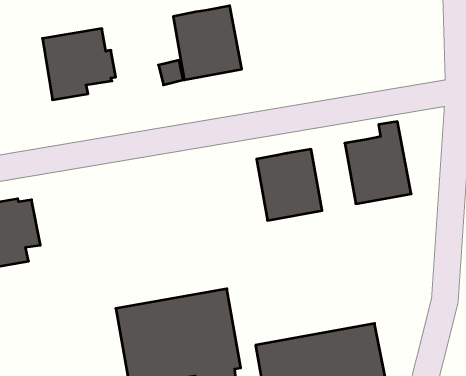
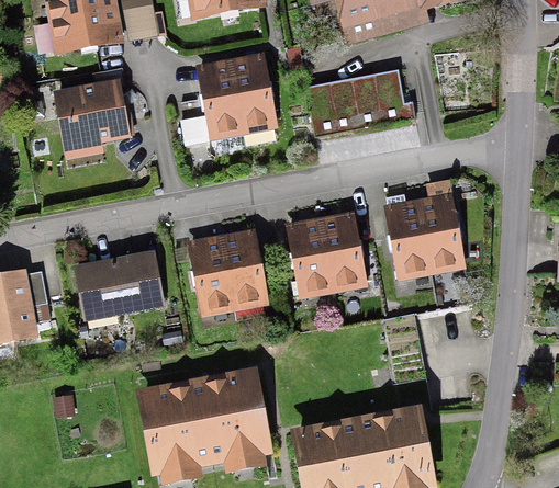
building: none -> [305,68,416,136]
building: none -> [191,230,265,310]
building: none -> [74,250,165,319]

